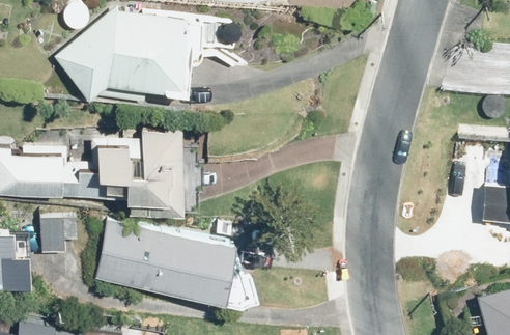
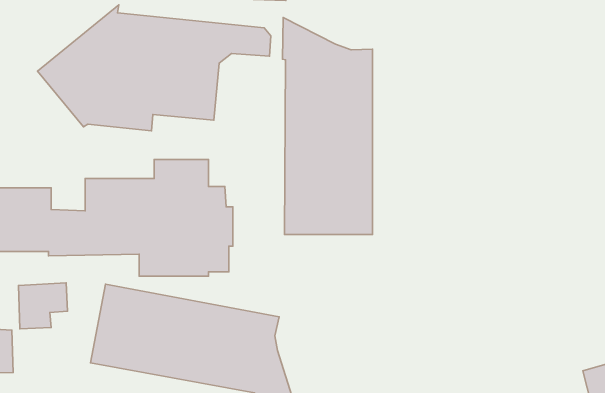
building: none -> [282,17,373,235]

